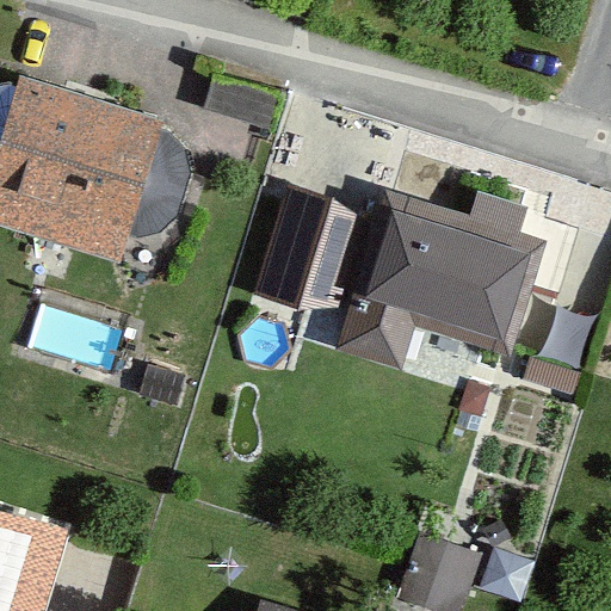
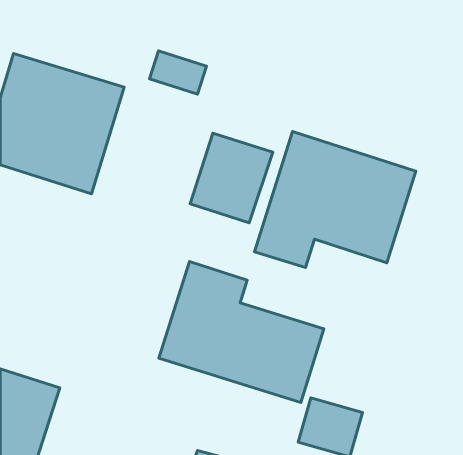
building: none -> [159,261,324,402]

